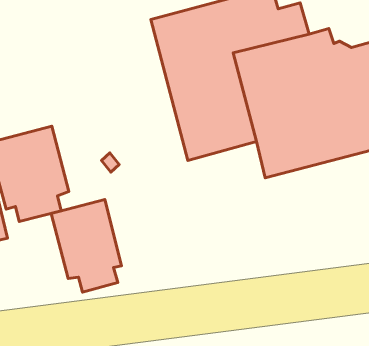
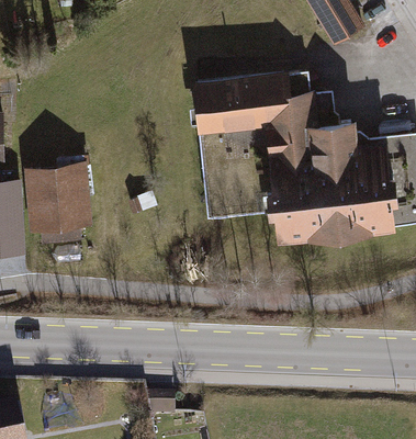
building: [51,199,122,292] -> none

